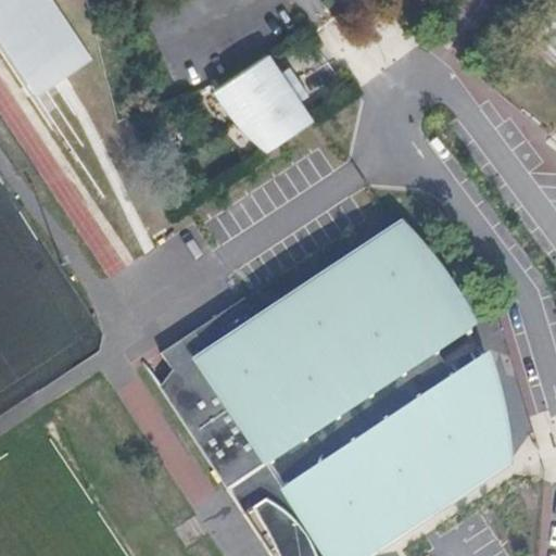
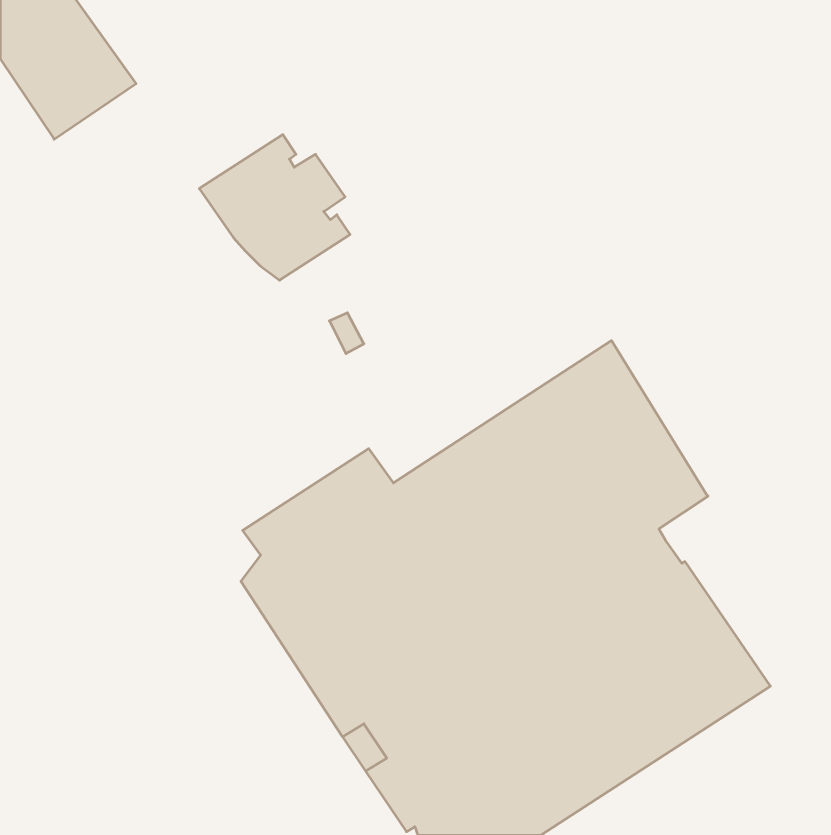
building: [217,53,317,150] -> [199,135,350,280]
building: [445,337,516,455] -> none

